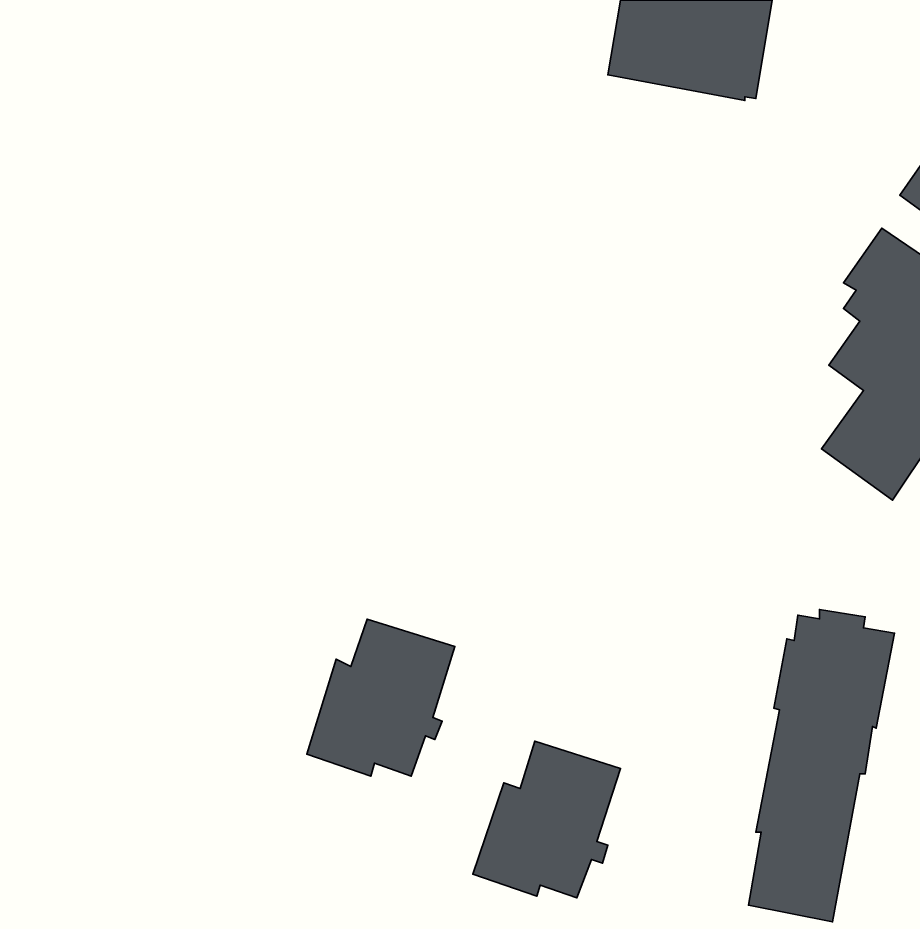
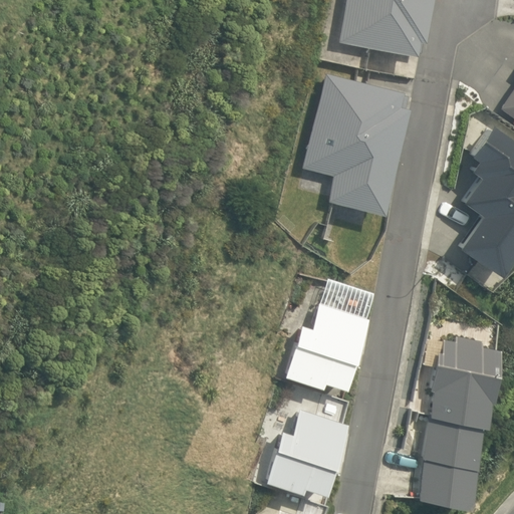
building: none -> [305,75,411,216]
building: [307,619,455,776] -> [287,304,368,391]

